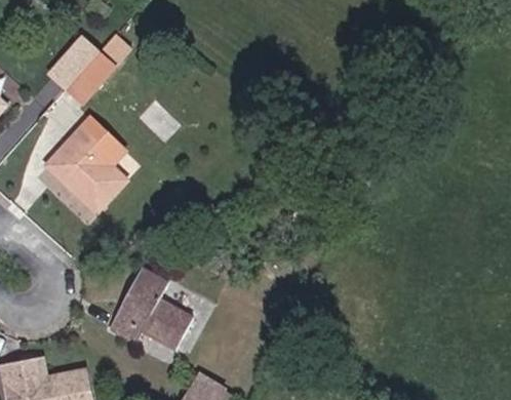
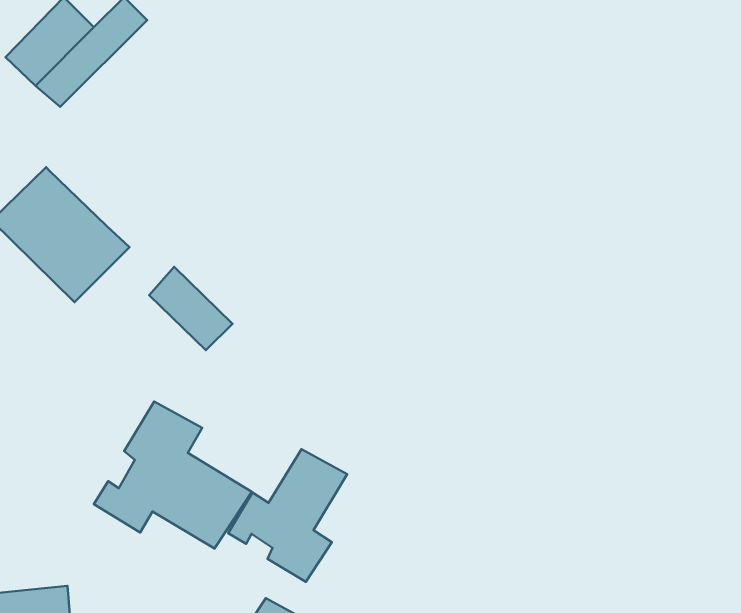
building: [77,117,125,165] -> [149,267,233,350]
building: none -> [228,449,347,582]

